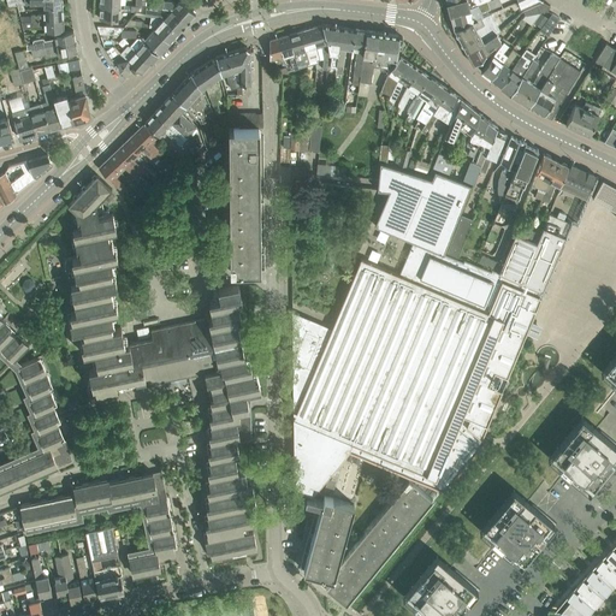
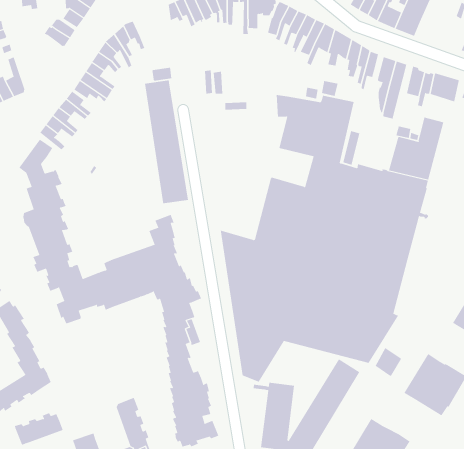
building: [226,49,250,96] -> none
building: [565,105,598,137] -> none
building: [75,474,165,520] -> none
building: none -> [375,347,402,377]

